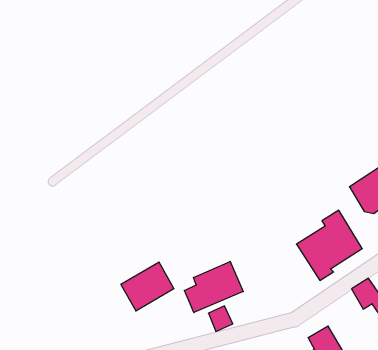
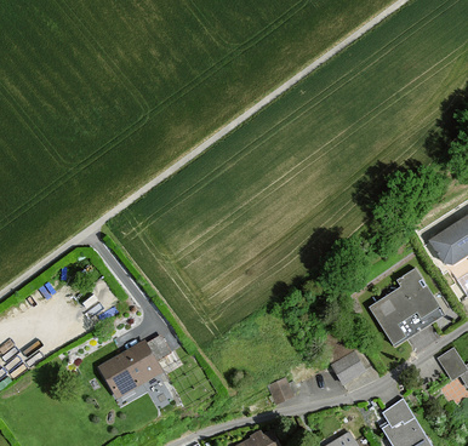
building: [184,261,243,313] -> none
building: [121,262,174,311] -> [93,343,154,399]
building: none -> [332,350,369,385]

